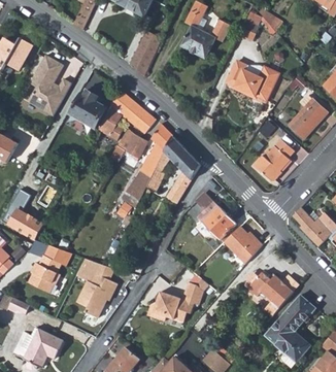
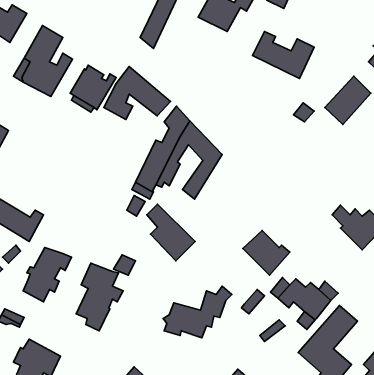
building: [110,126,146,156] -> none
building: [255,138,296,180] -> none
building: [195,191,236,239] -> [147,204,195,261]

